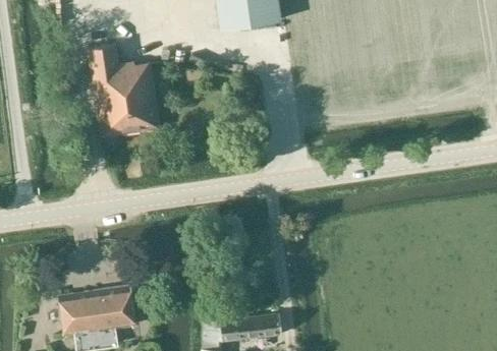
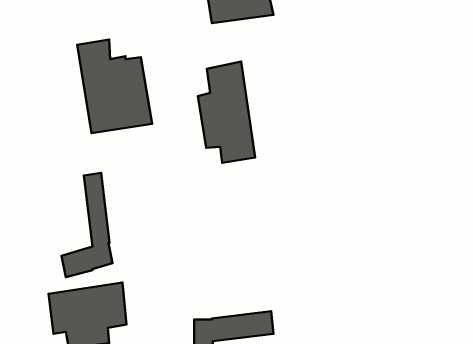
building: none -> [198,62,255,163]
building: none -> [62,173,113,277]

